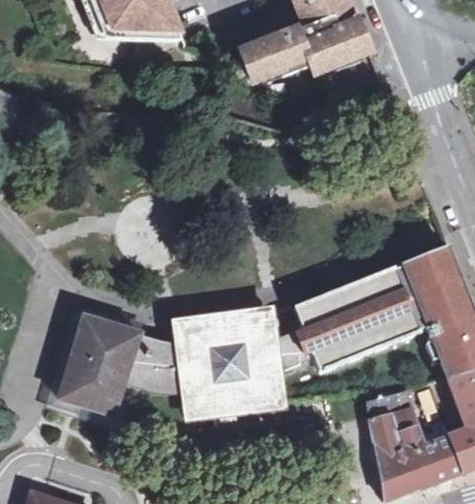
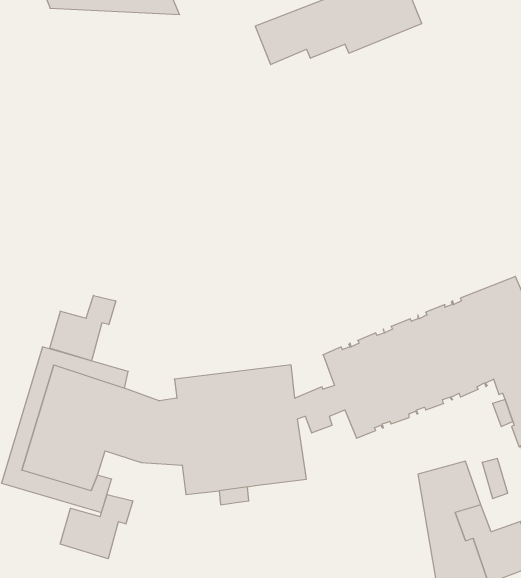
building: none -> [50,295,116,361]
building: none -> [60,494,133,559]

